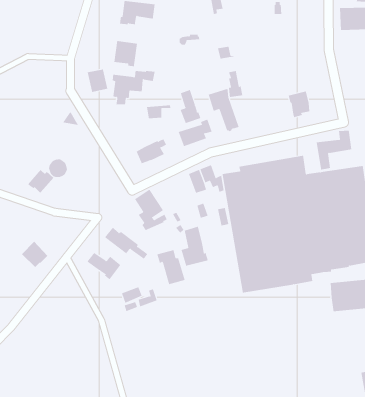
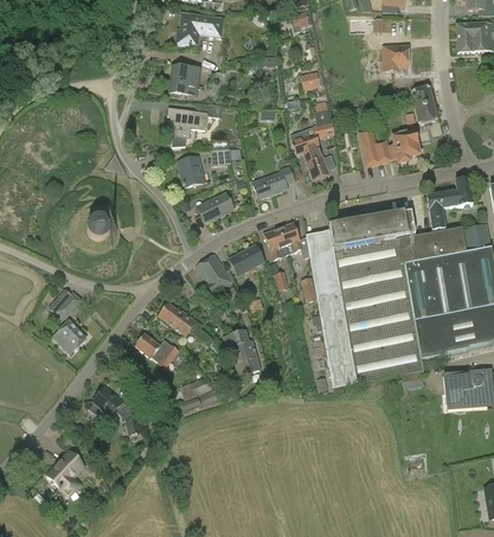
building: none -> [384,45,409,70]
building: none -> [411,87,437,126]
building: [87,68,108,93] -> [178,155,205,186]
building: [180,89,201,124] -> none
building: none -> [360,128,397,164]
building: [27,169,54,194] -> [49,288,83,319]
building: none -> [229,244,264,275]
building: [181,226,208,266] -> none
building: none -> [90,386,143,434]
building: none -> [47,452,84,496]

